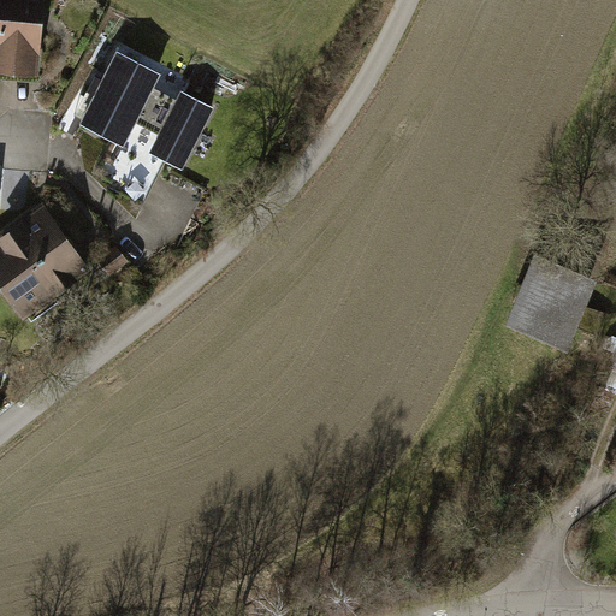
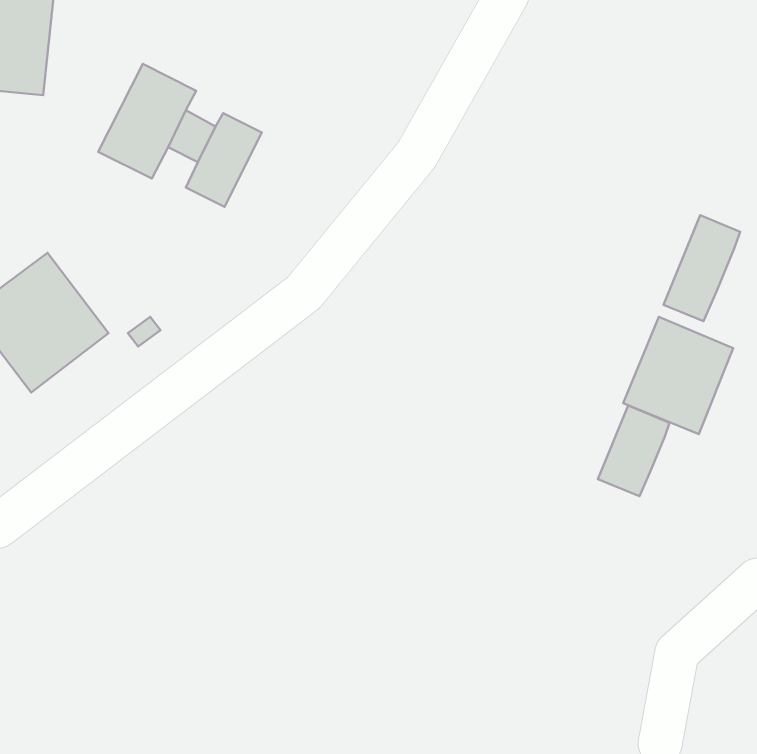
building: none -> [663,215,740,321]
building: none -> [598,406,670,496]

